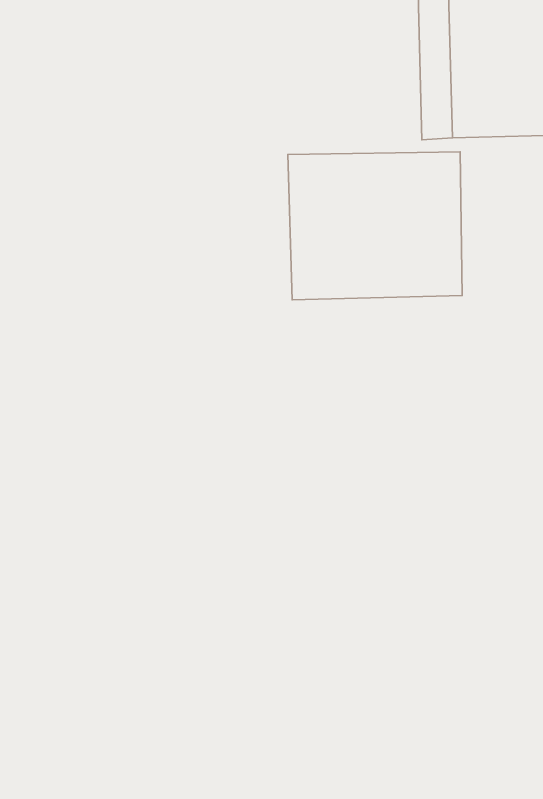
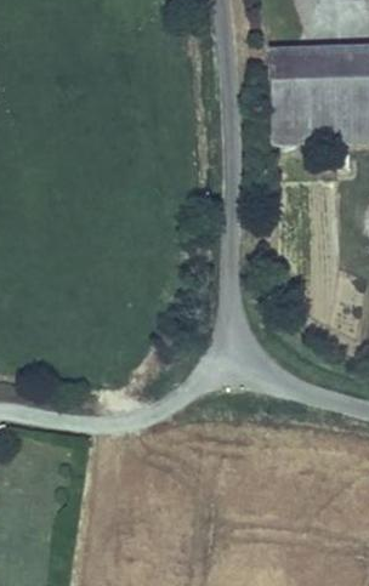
building: [288,152,462,300] -> none

